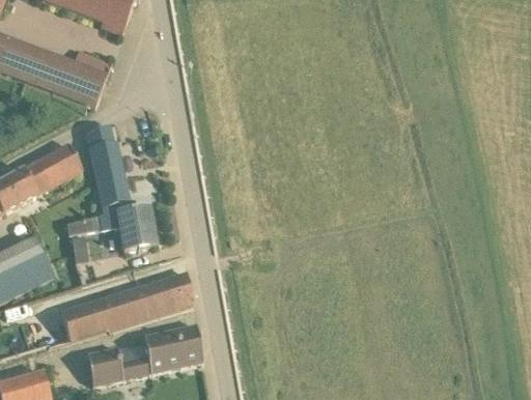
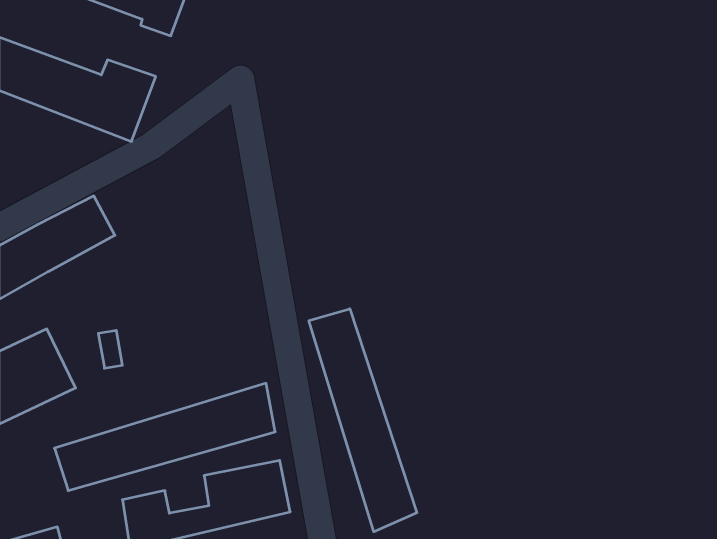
building: [86,123,130,207] -> none
building: [66,207,157,253] -> none
building: none -> [309,309,417,532]

